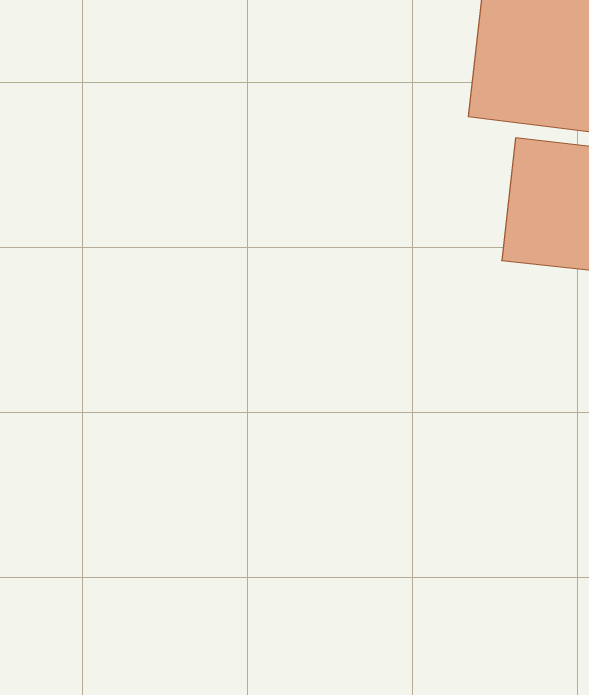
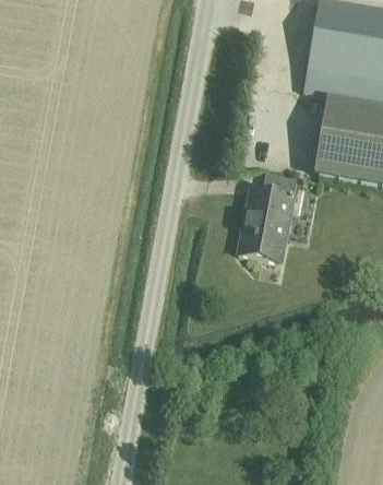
building: none -> [239,171,297,259]

